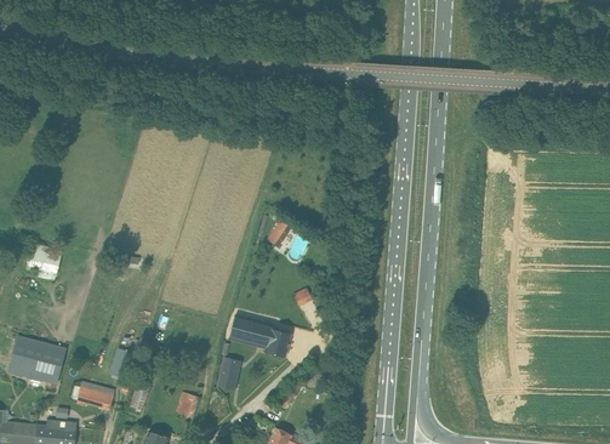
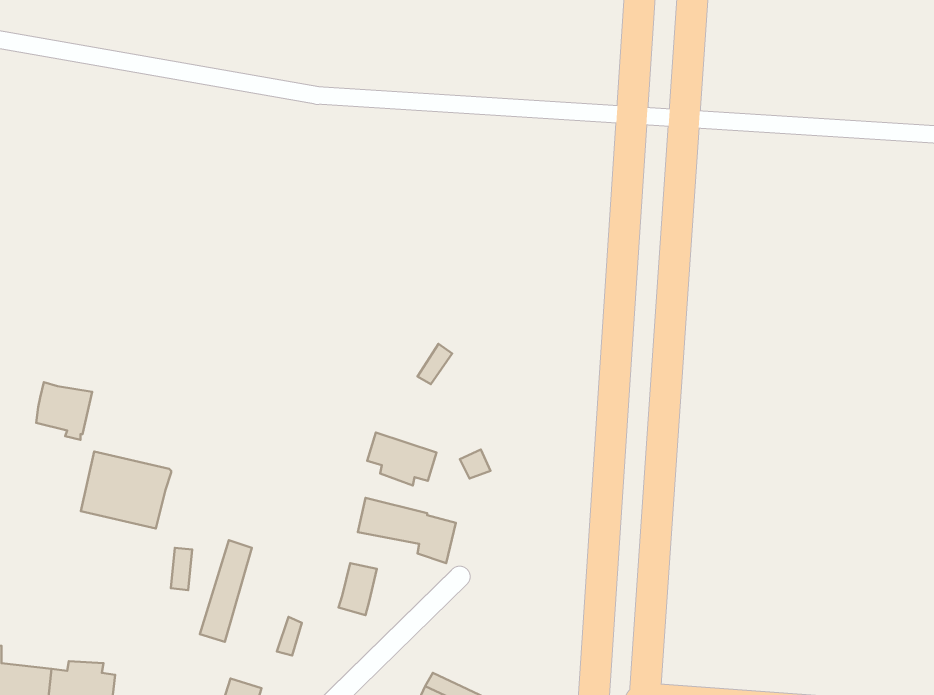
building: none -> [367,432,436,485]
building: [8,335,65,383] -> [81,451,171,528]
building: [76,381,114,409] -> none

